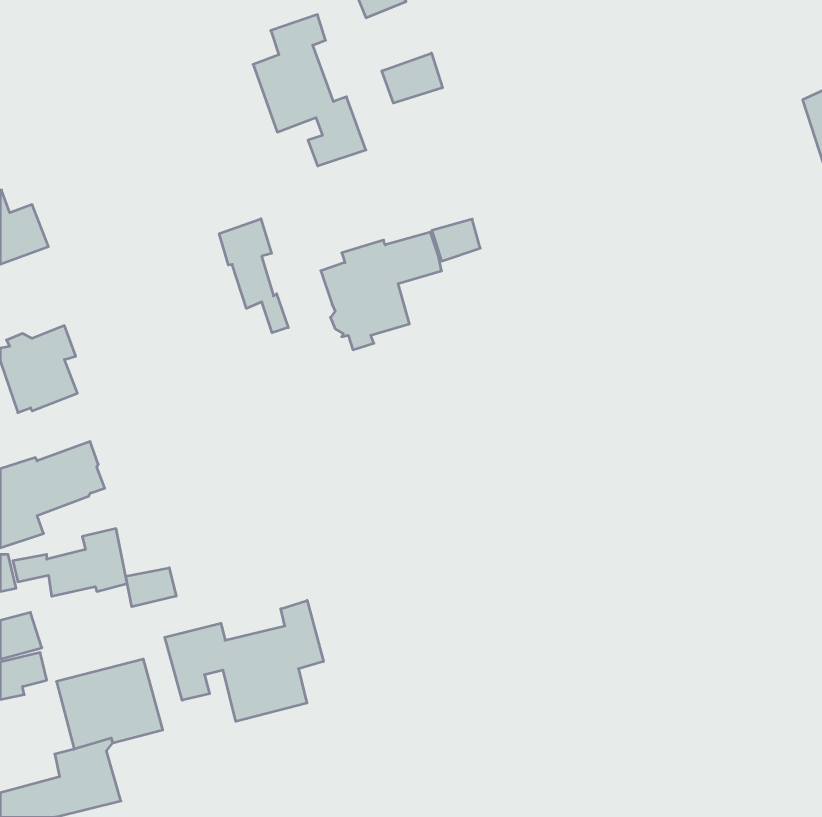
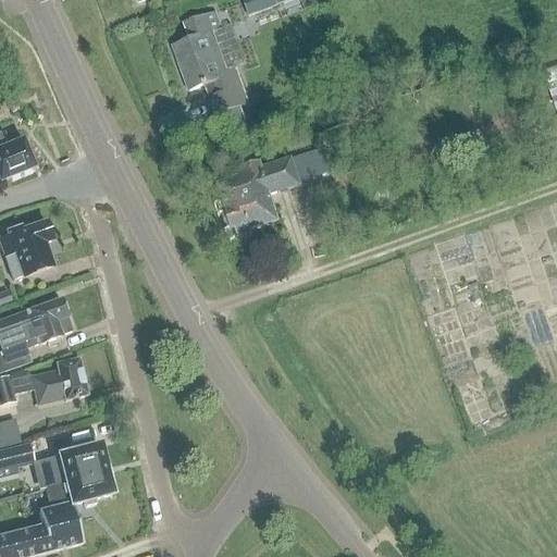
building: [382,53,442,103] -> none
building: [219,219,288,333] -> none
building: [126,568,176,607] -> none
building: [165,600,323,721] -> none

